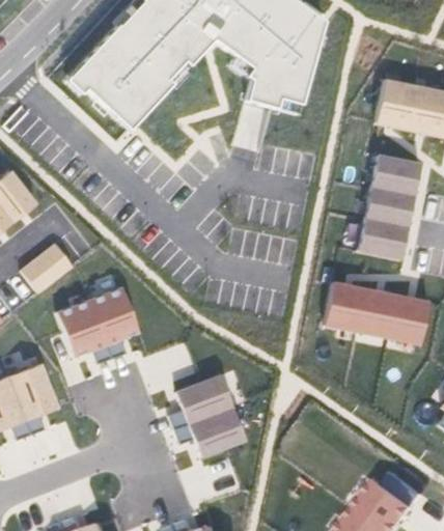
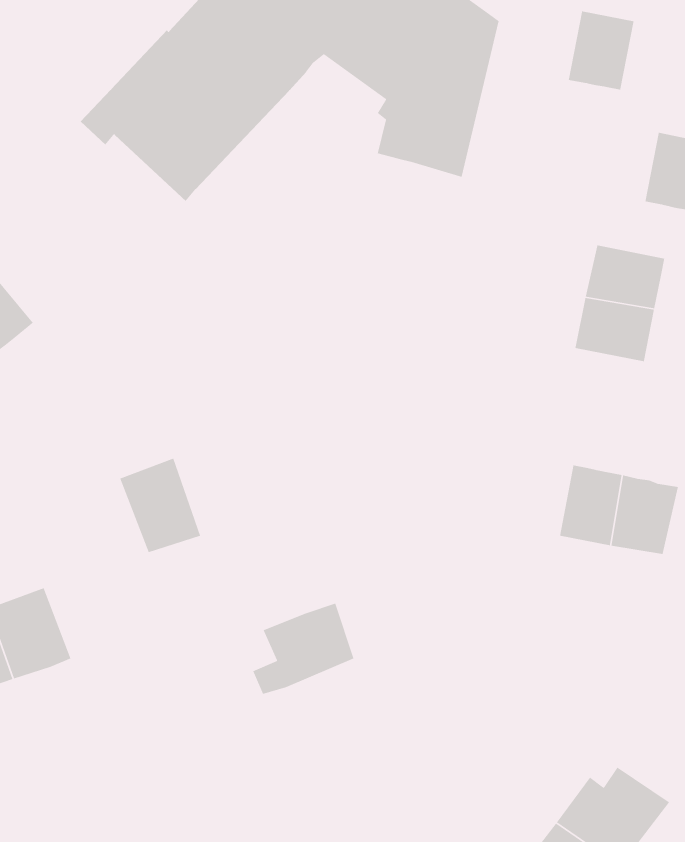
building: [377,80,417,129] -> [568,10,634,91]
building: [359,218,409,258] -> none
building: [22,243,73,291] -> none
building: [325,282,365,332] -> none
building: [54,297,107,356] -> none
building: [176,407,245,457] -> none

